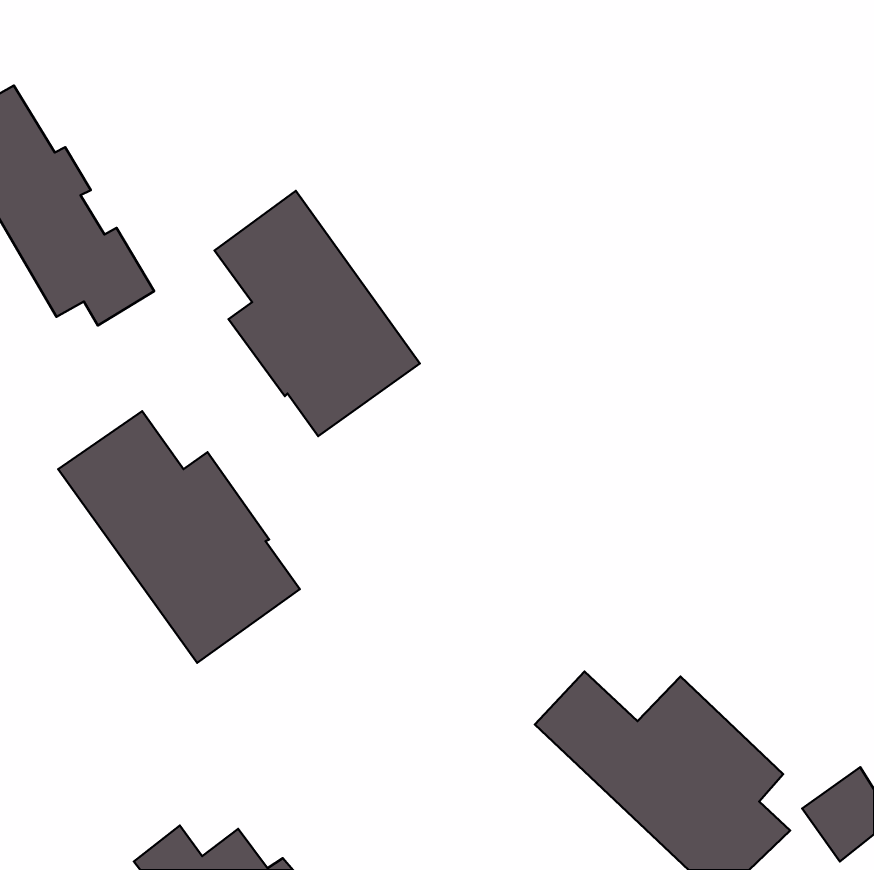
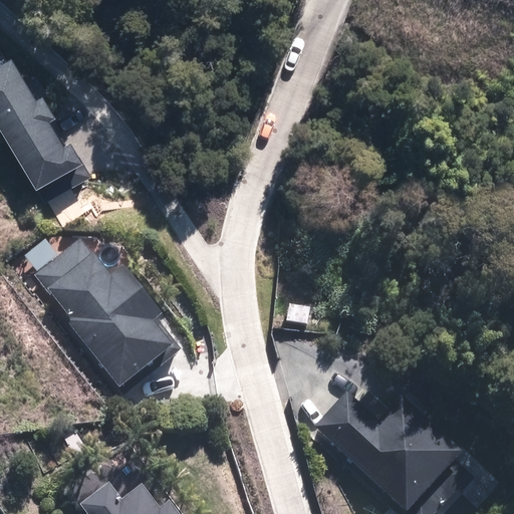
building: [215,191,420,436] -> none

